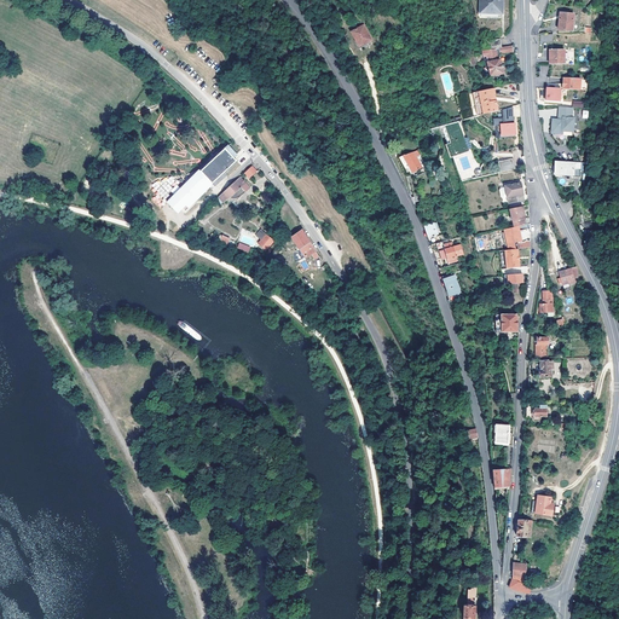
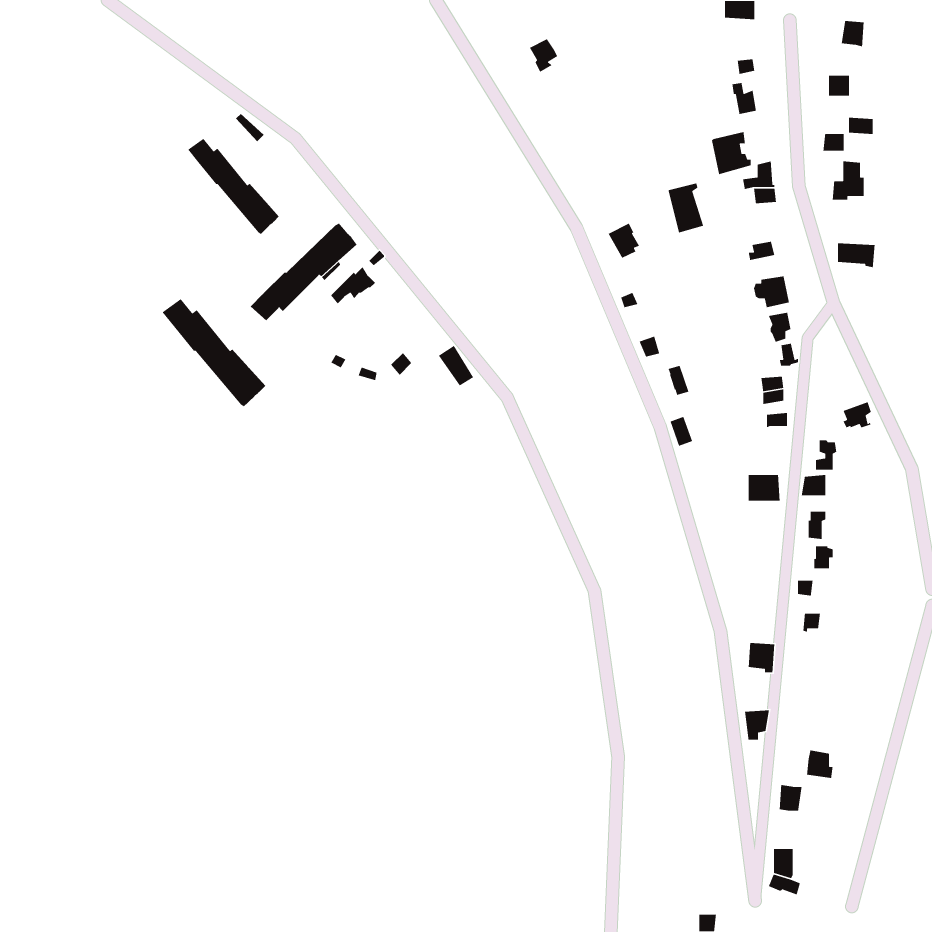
building: none -> [187,138,280,235]
building: none -> [162,298,266,407]

